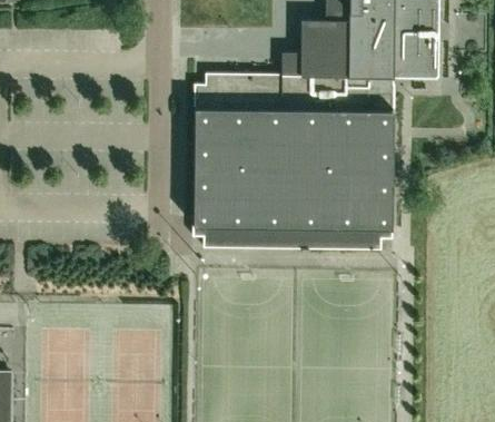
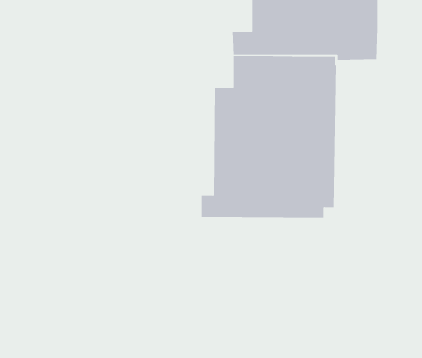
building: [192,72,284,247] -> none

